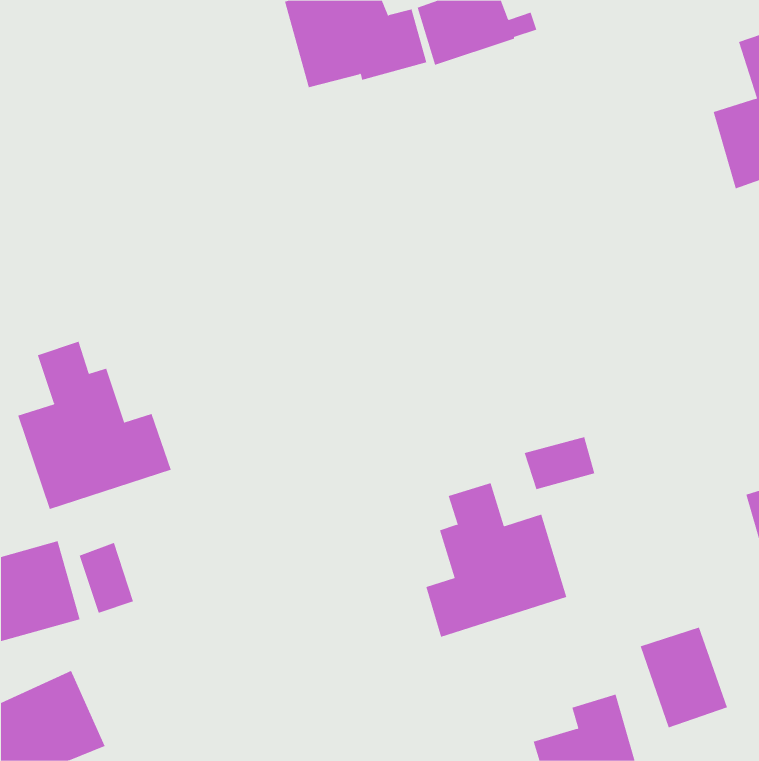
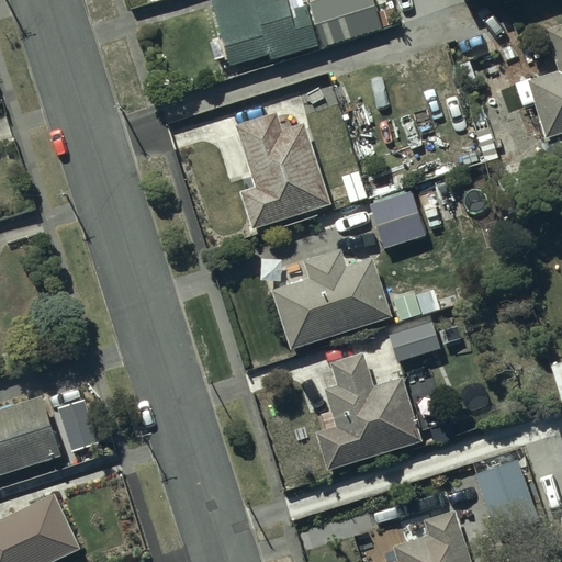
building: none -> [236,114,328,228]
building: none -> [371,193,425,248]
building: none -> [271,249,392,349]
building: [18,341,172,510] -> none

